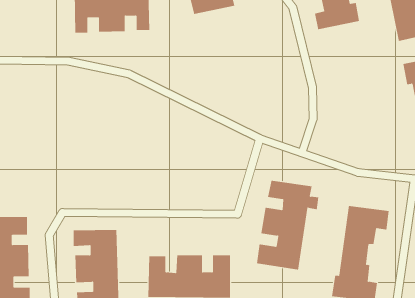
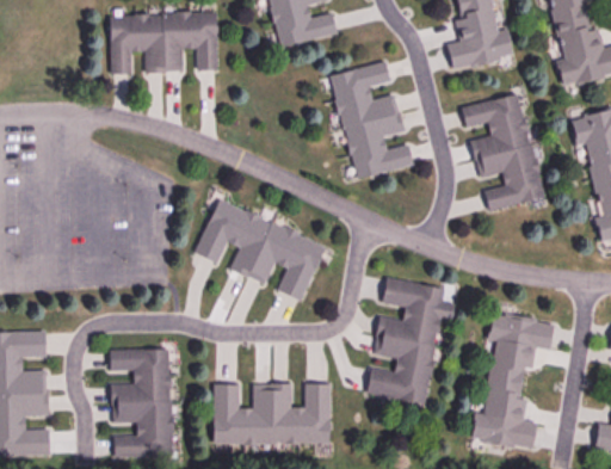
building: none -> [332,62,413,178]
building: none -> [461,93,543,209]
building: none -> [195,200,325,301]

